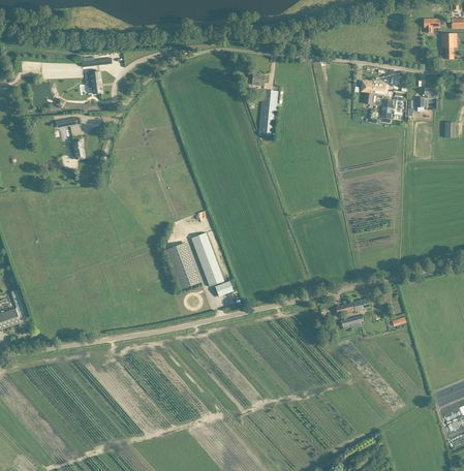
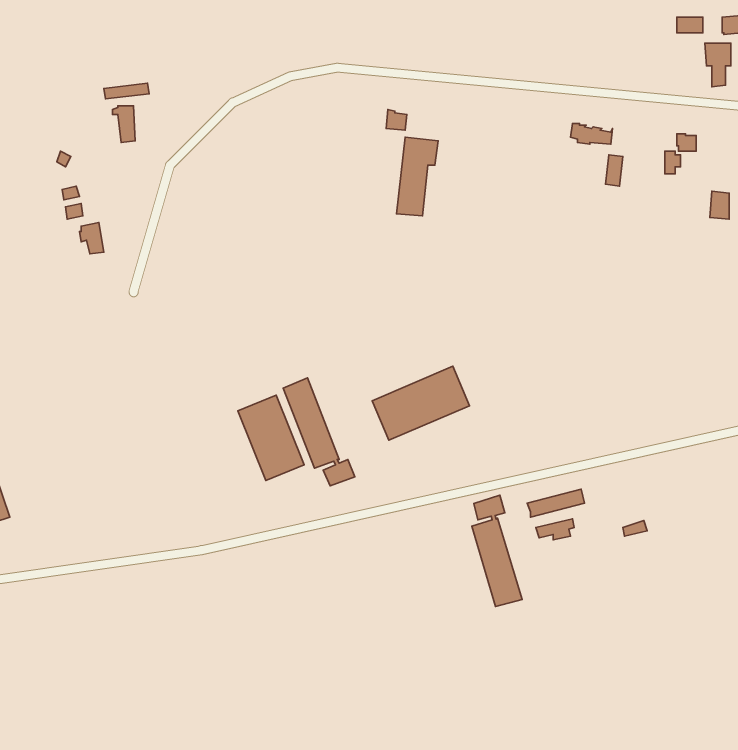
building: none -> [372,366,469,440]
building: none -> [472,495,522,606]

